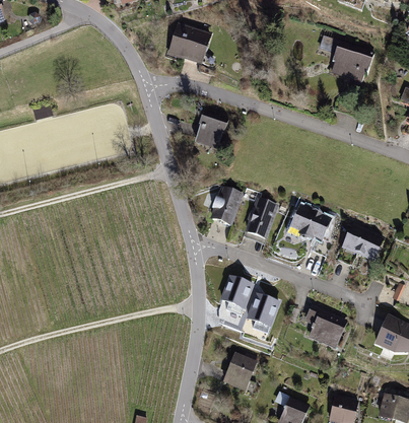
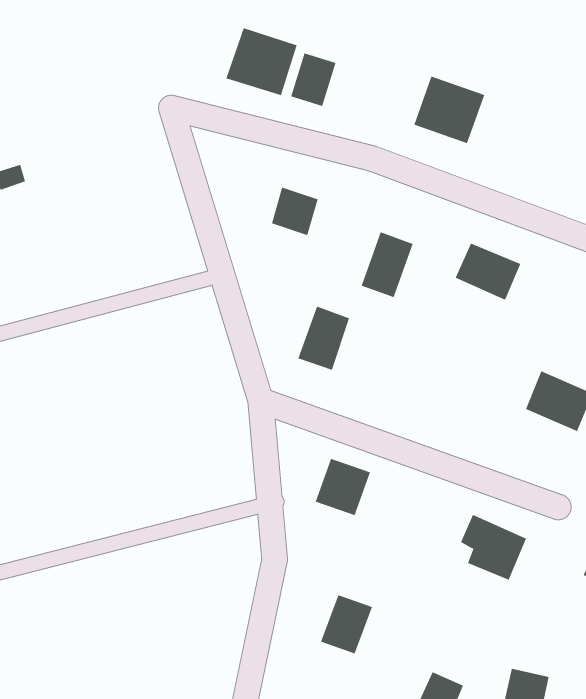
building: none -> [291,52,336,107]
building: [331,45,372,84] -> [413,76,485,144]
building: [247,199,277,237] -> [361,232,413,298]
building: [291,206,330,239] -> [455,243,521,301]
building: [247,291,280,325] -> none

